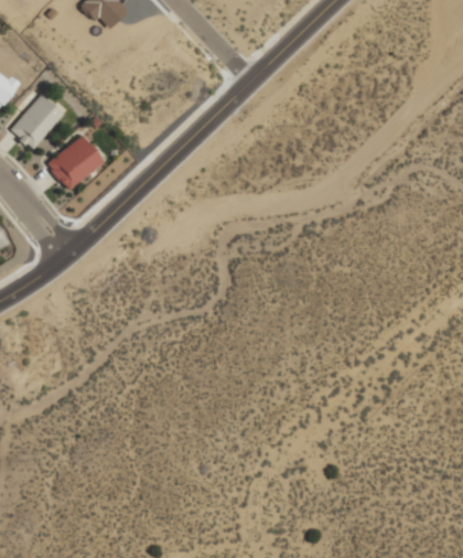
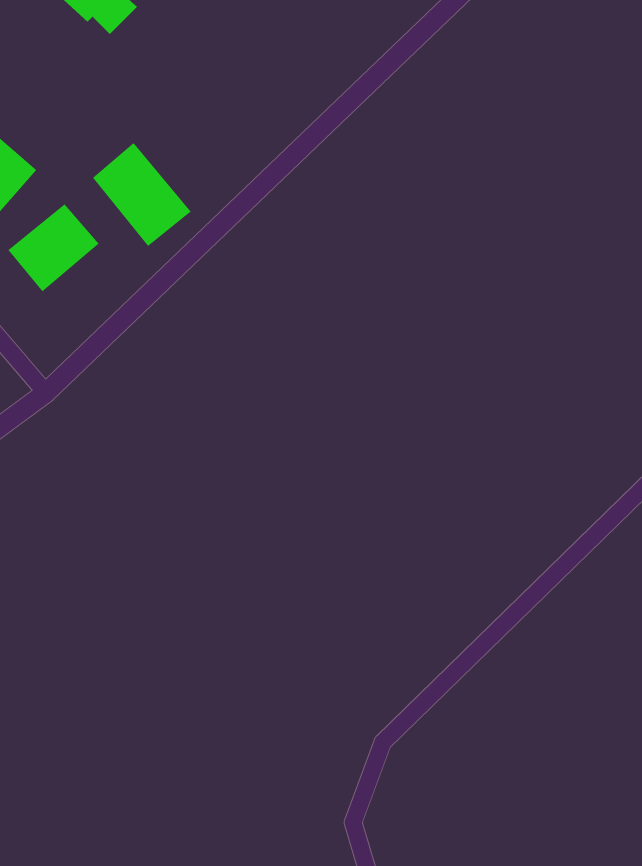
building: none -> [92,142,191,247]

